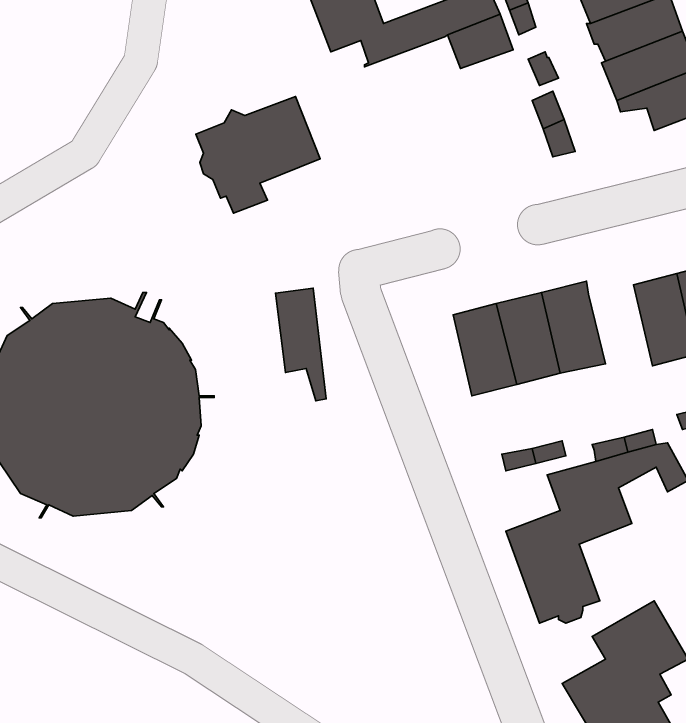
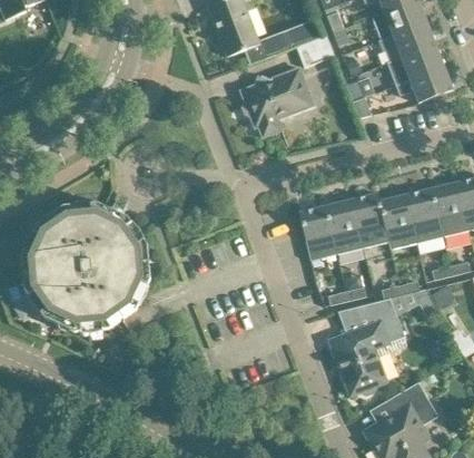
building: [196,97,320,213] -> [240,67,314,136]
building: none -> [379,194,417,249]
building: [276,288,326,401] -> none

